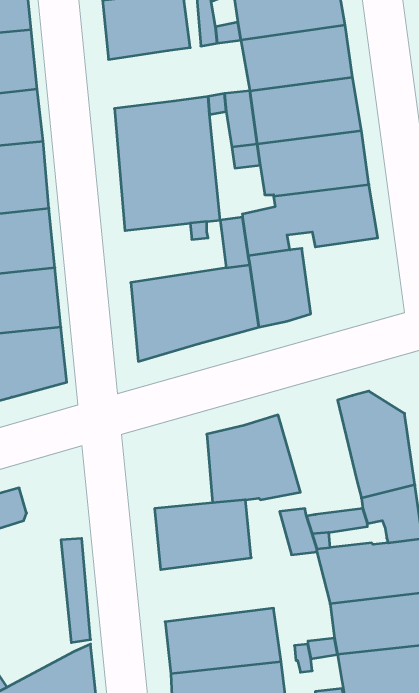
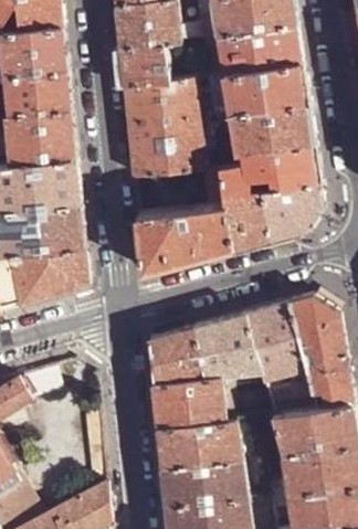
building: none -> [118,43,167,86]
building: none -> [262,182,322,239]
building: none -> [244,303,303,373]
building: none -> [148,328,196,383]
building: none -> [157,419,241,467]

